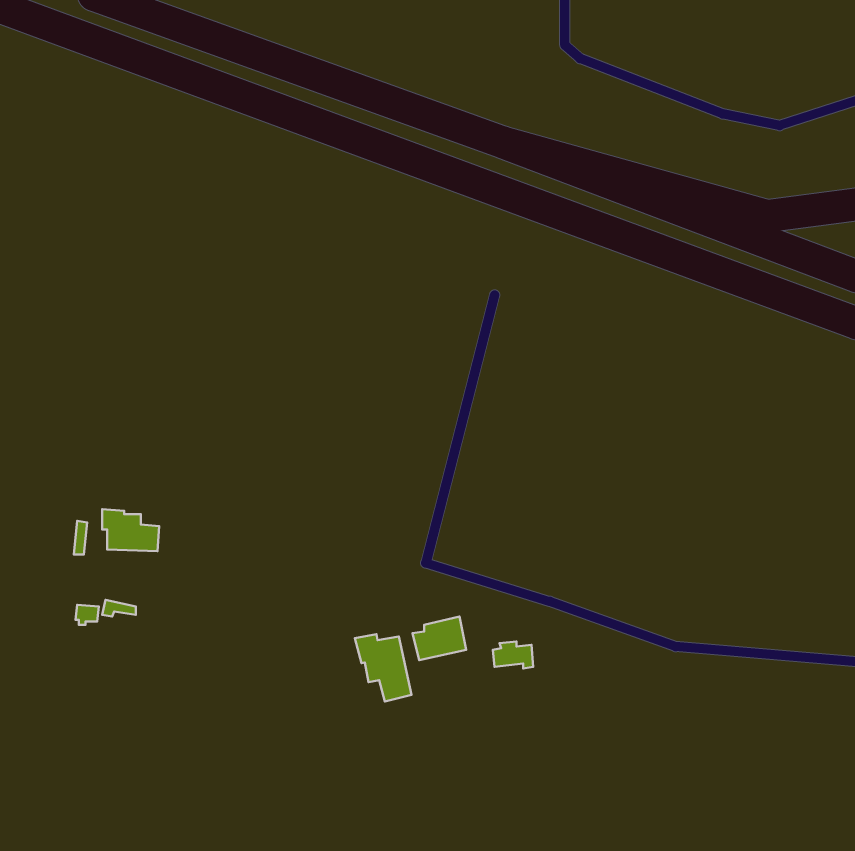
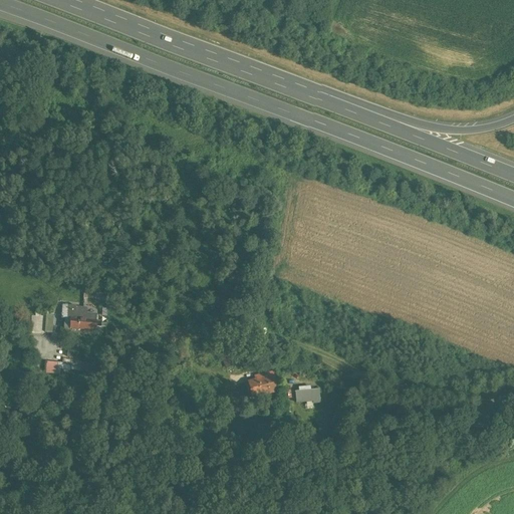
building: [355,634,411,701] -> none

